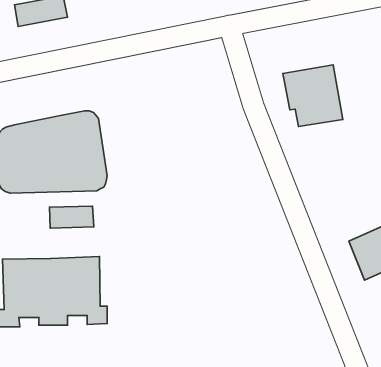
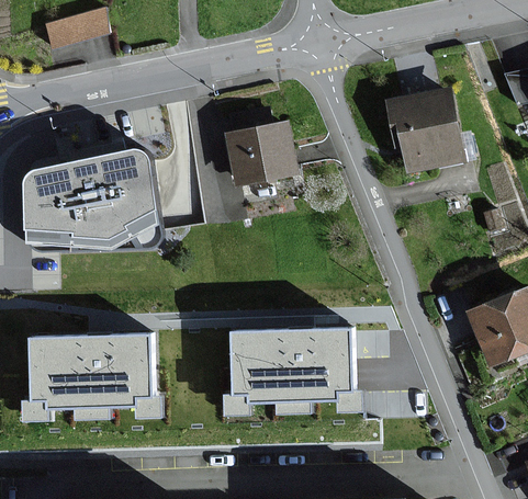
building: none -> [223,107,297,185]
building: [50,206,94,228] -> none
building: none -> [223,327,363,417]

